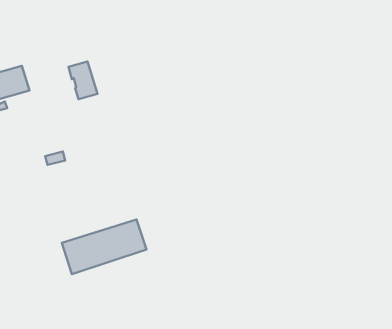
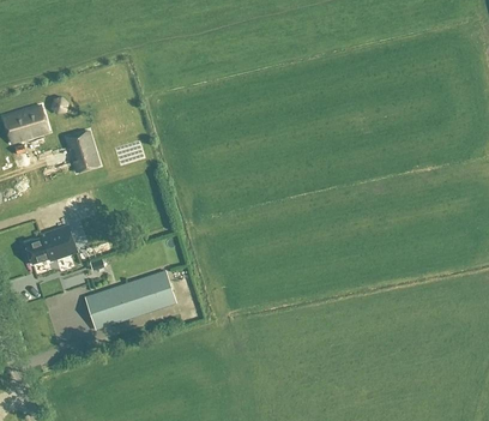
building: [68,61,97,99] -> [68,130,99,170]
building: none -> [25,224,78,263]

